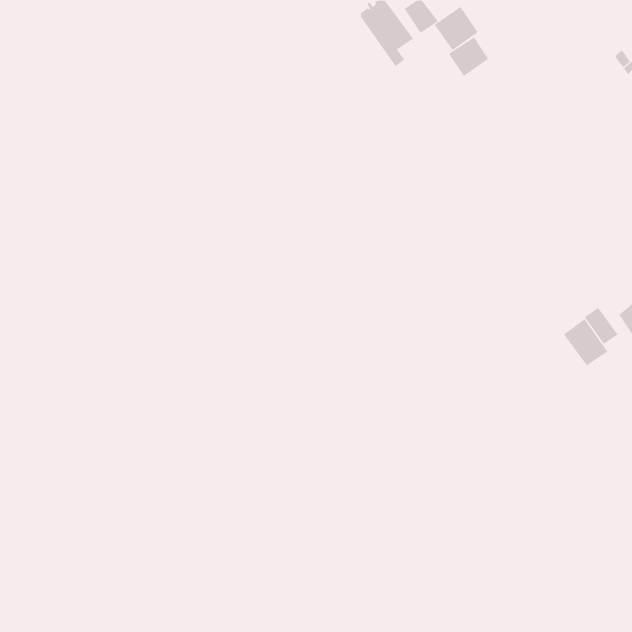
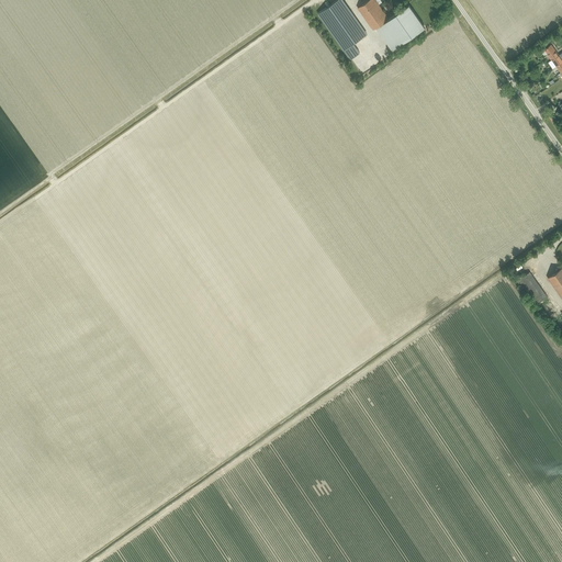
building: [448,37,489,77] -> none
building: [563,318,608,366] -> none

